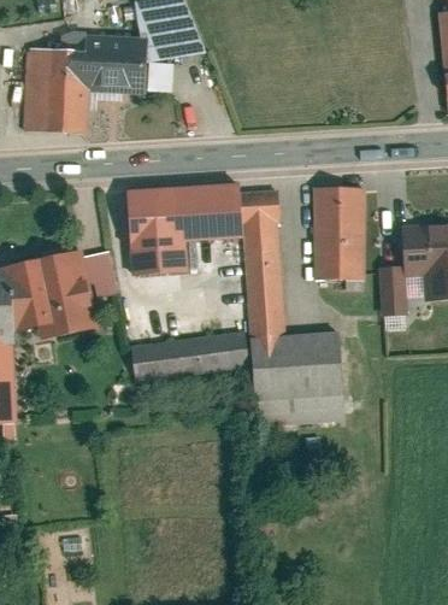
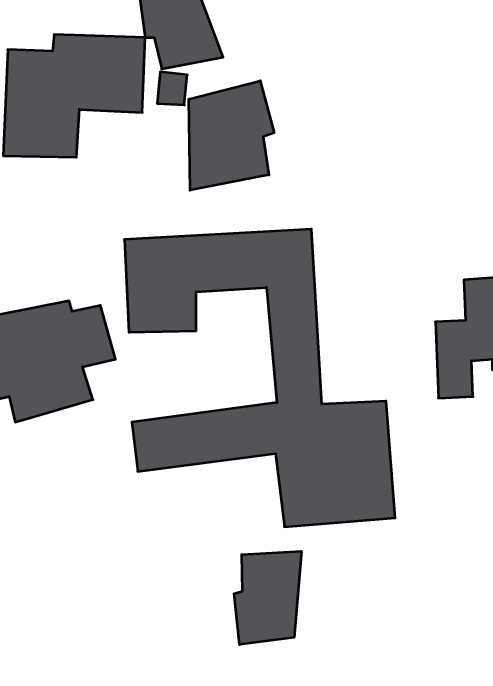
building: none -> [189,81,274,190]
building: [313,187,364,283] -> none
building: none -> [234,551,301,645]

